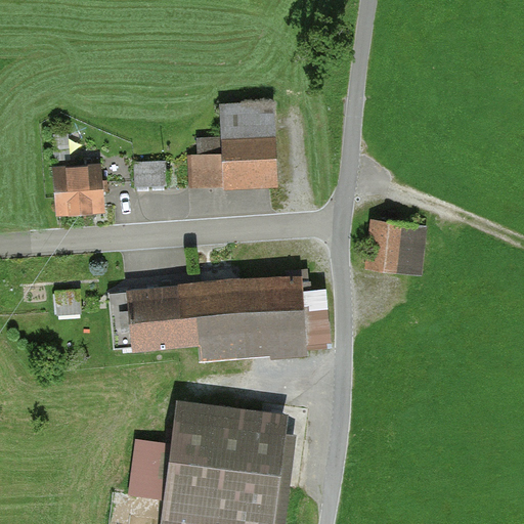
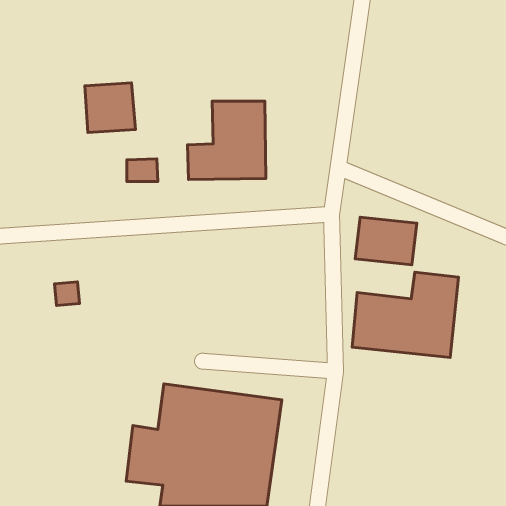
building: [52,167,104,218] -> [85,83,136,132]
building: none -> [352,272,459,358]
building: [127,282,333,356] -> none

